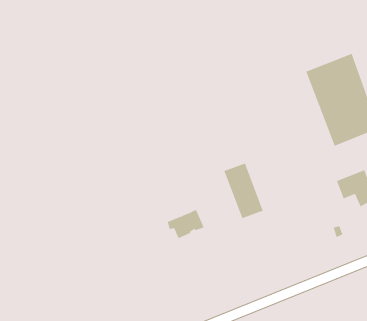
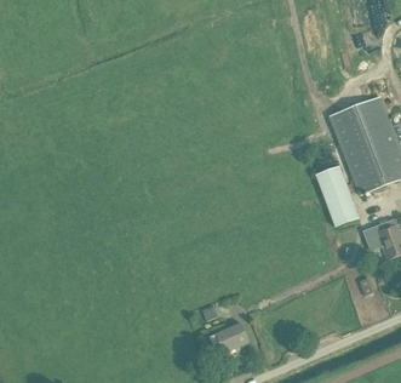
building: [224,163,264,219] -> [316,166,359,225]
building: [167,209,204,239] -> [210,321,250,353]

